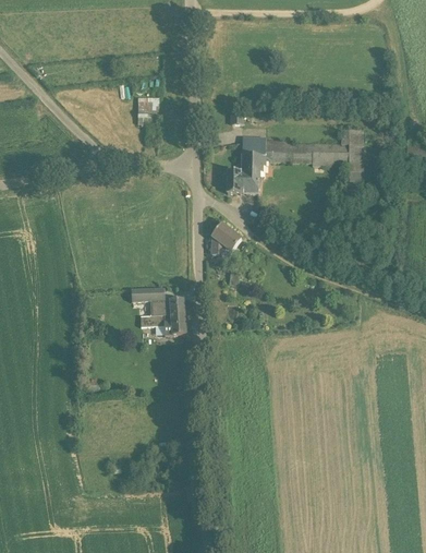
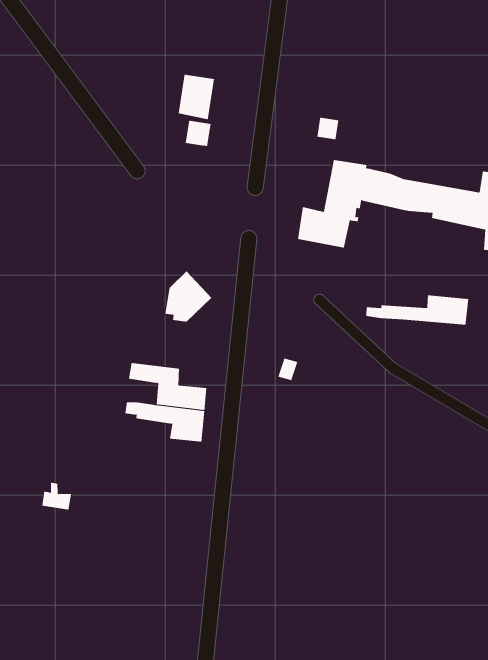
building: none -> [366,295,469,325]
building: [211,223,241,256] -> [165,270,212,322]

